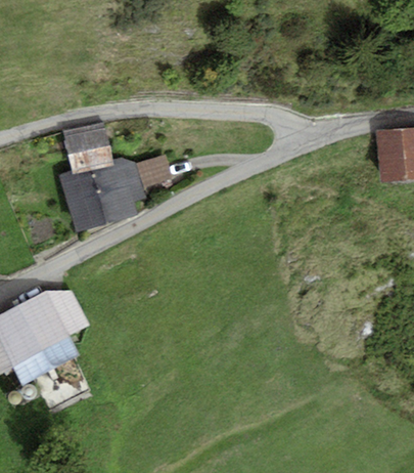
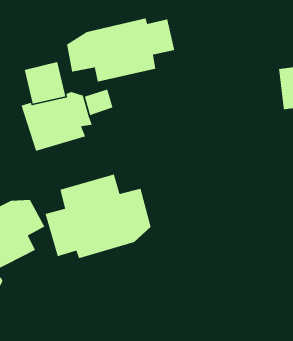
building: none -> [66,18,175,83]
building: none -> [44,173,151,259]

